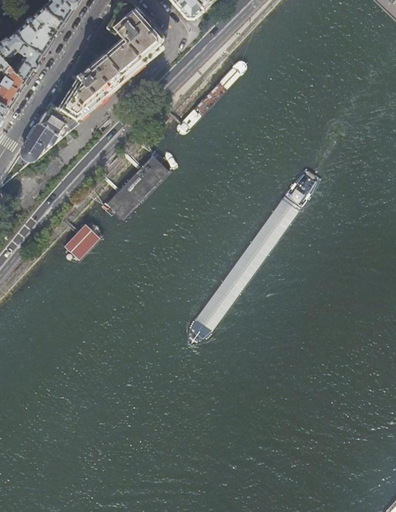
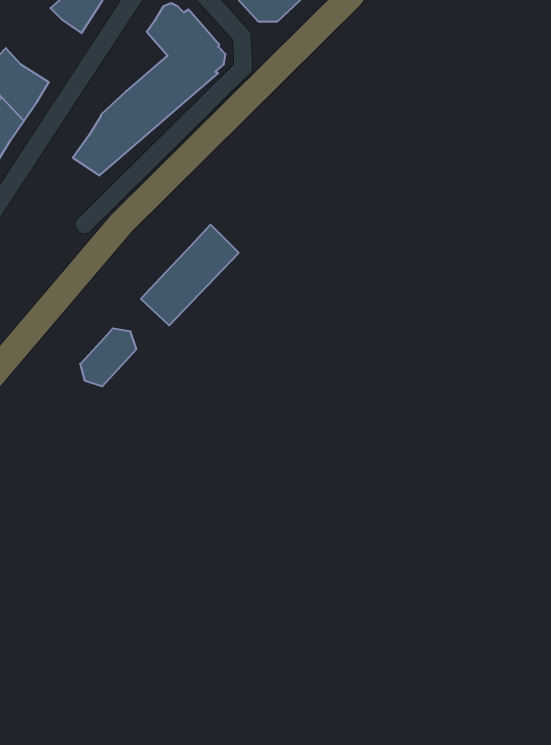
building: [13,8,64,58] -> none
building: [20,105,76,159] -> none

